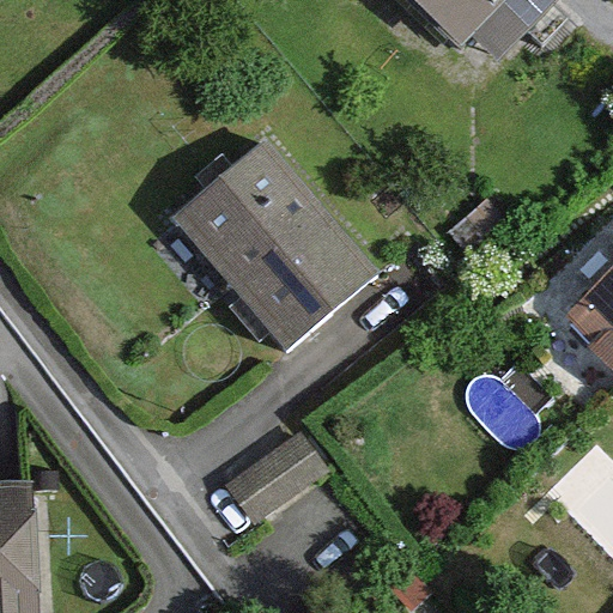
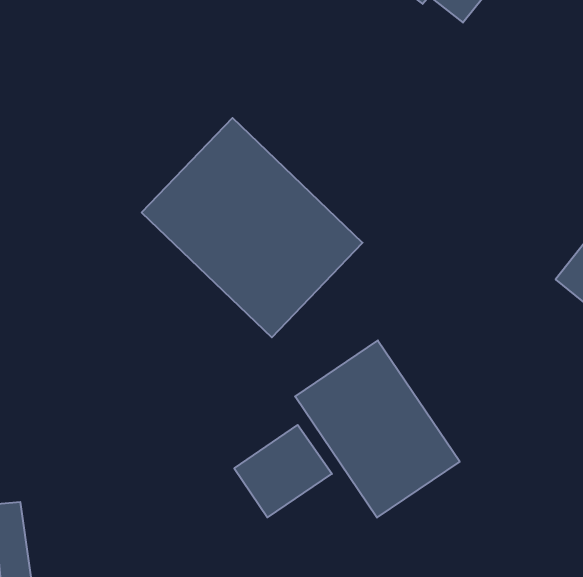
building: none -> [295,340,460,518]

